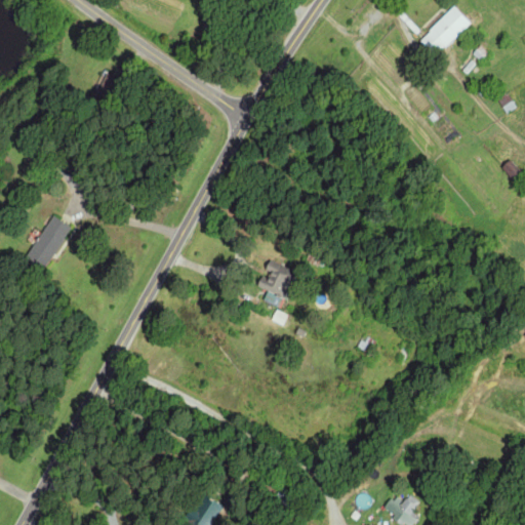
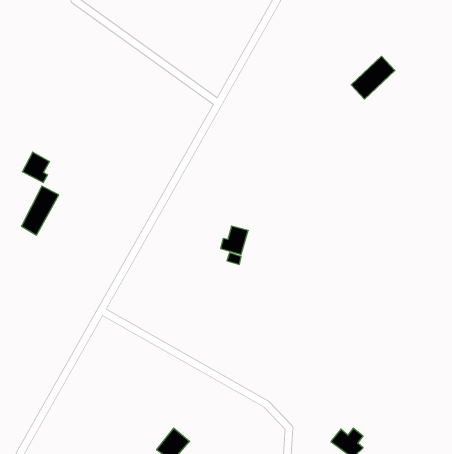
building: [420,7,471,56] -> [351,56,395,99]
building: none -> [22,152,49,183]

